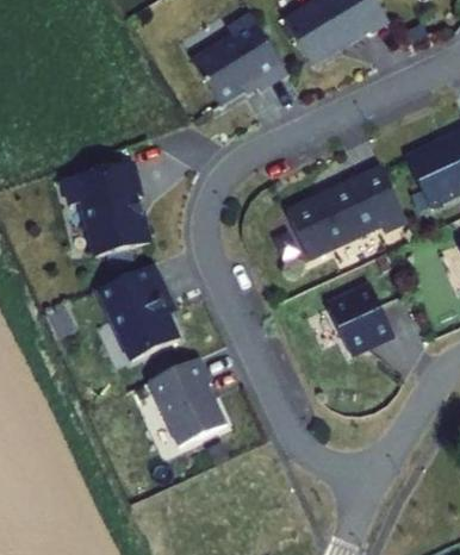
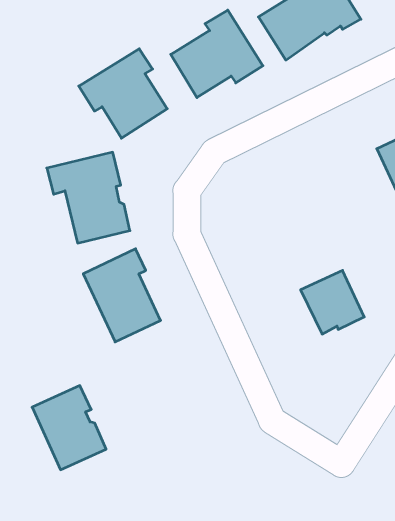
building: none -> [79,49,167,138]
building: [286,166,408,260] -> none
building: [148,358,225,447] -> [32,386,106,470]

